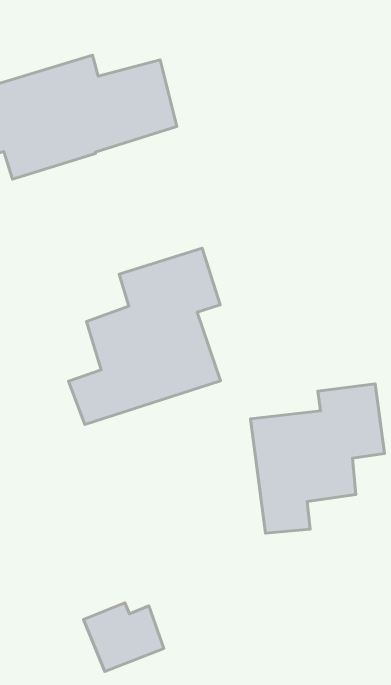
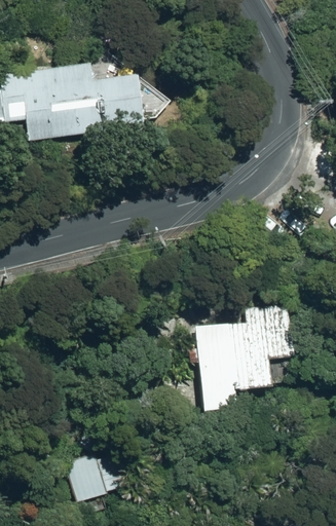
building: [68,248,220,425] -> none

